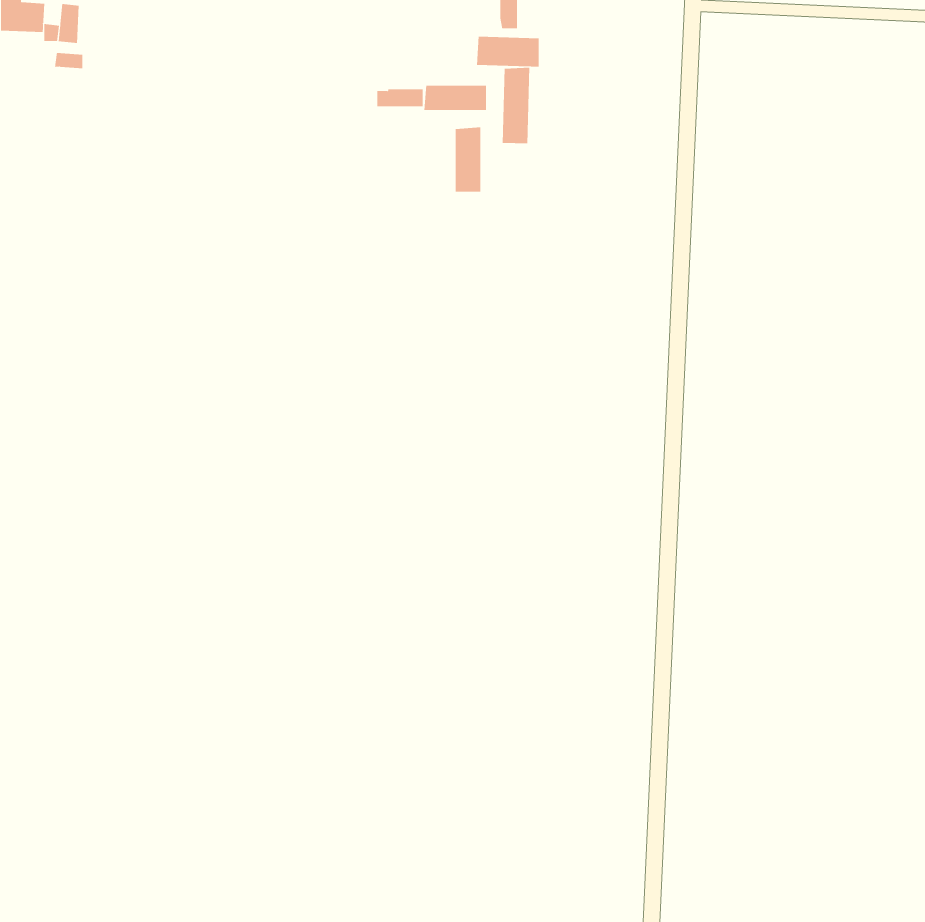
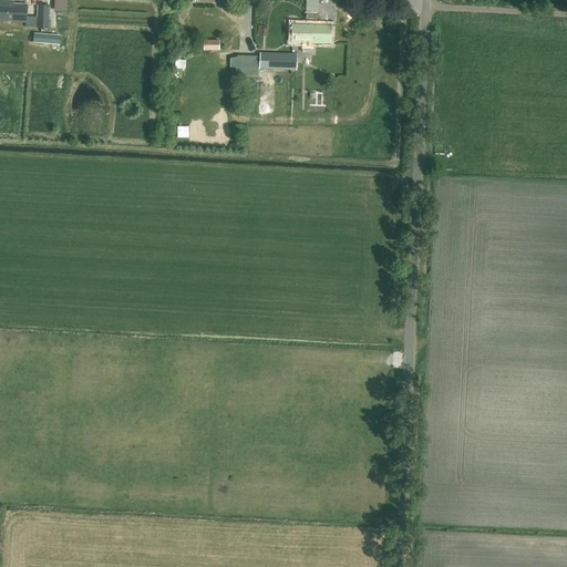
building: [502,67,530,144] -> none
building: [455,126,481,192] -> none

